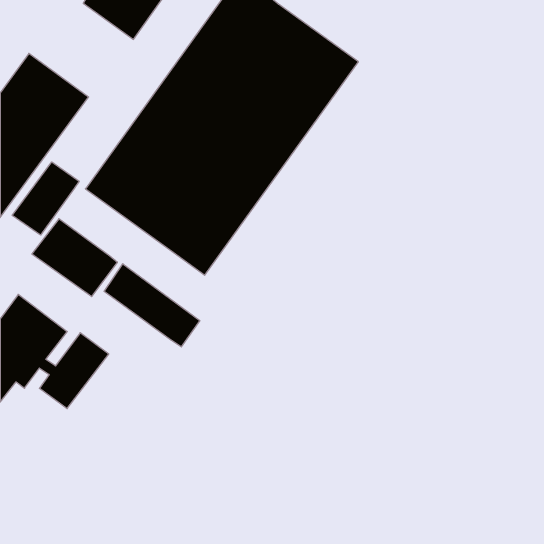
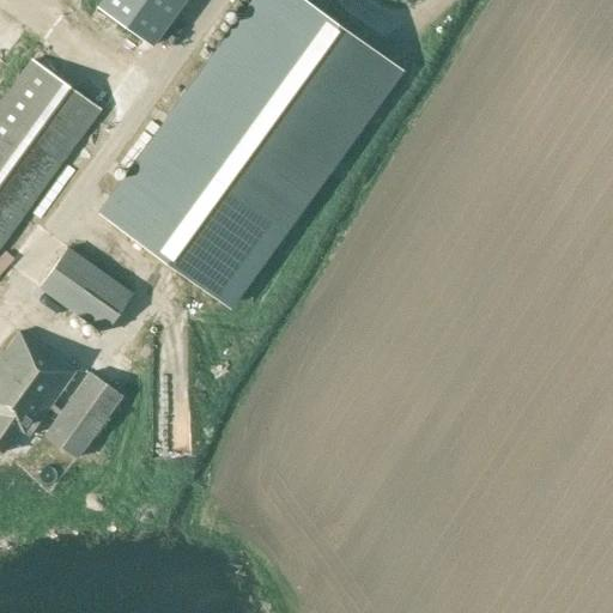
building: [12,162,79,235] -> none
building: [104,264,200,347] -> none

